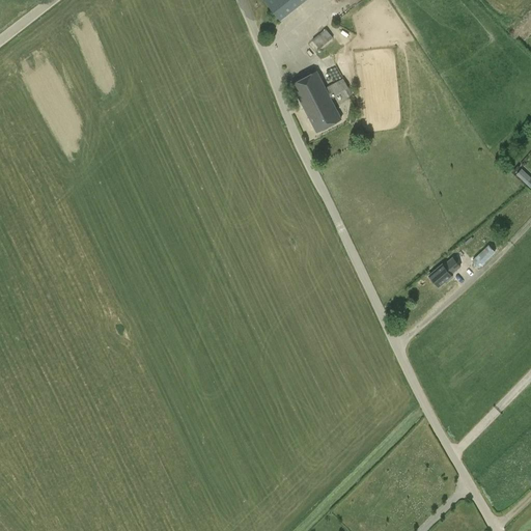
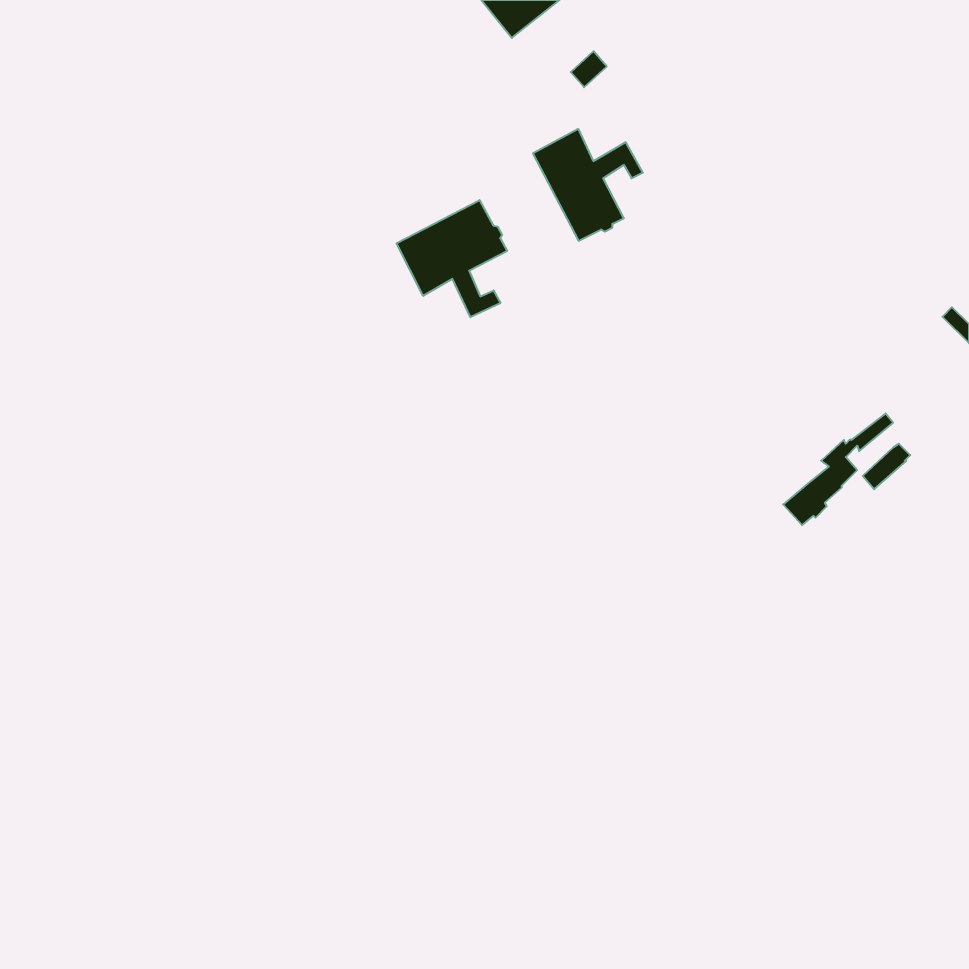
building: none -> [397,200,507,317]

